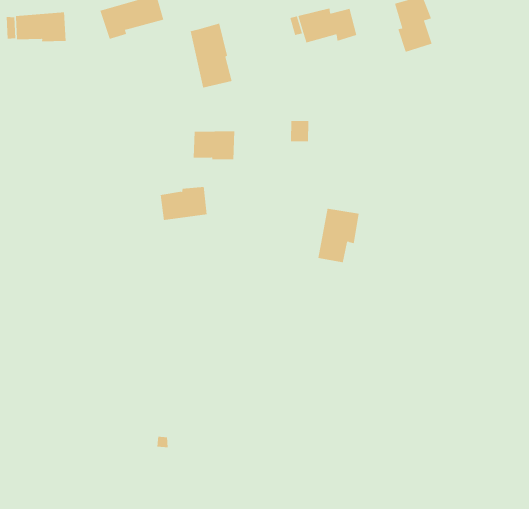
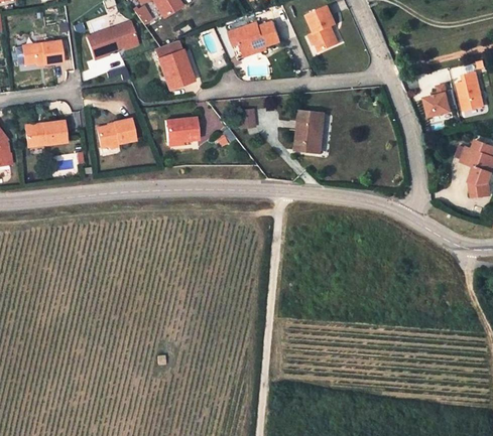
building: none -> [24,122,65,149]
building: [160,186,208,220] -> [98,119,135,147]
building: [317,208,360,263] -> [294,110,324,150]

